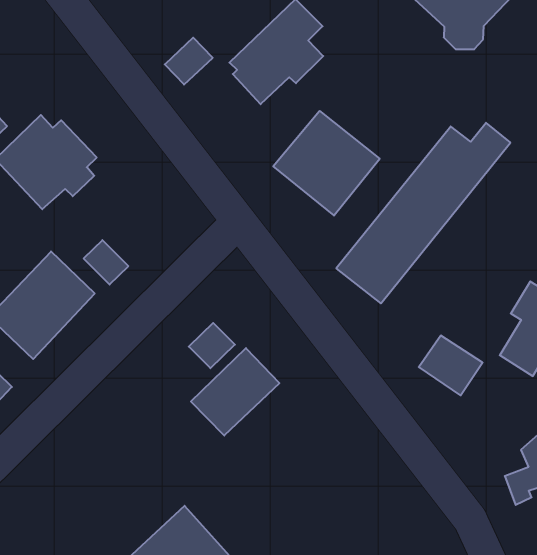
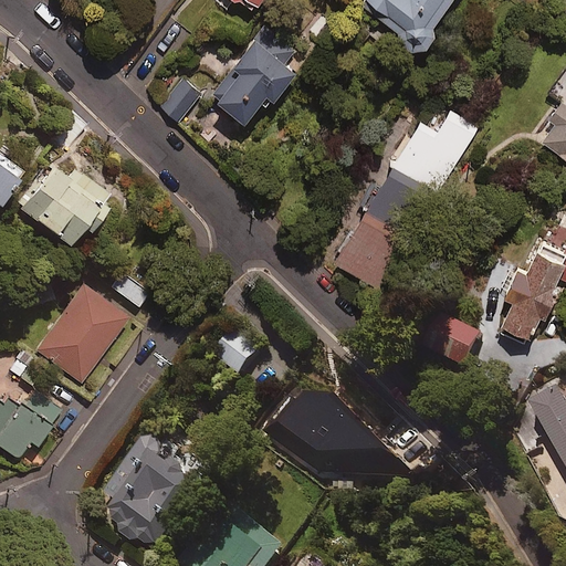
building: [273,111,380,216] -> none
building: [191,348,279,436] -> none
building: none -> [106,427,202,545]

